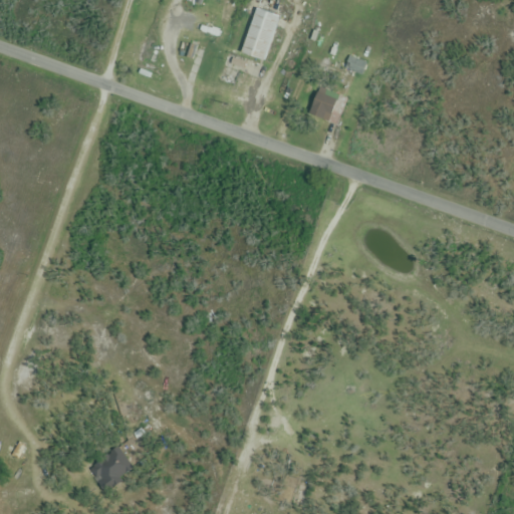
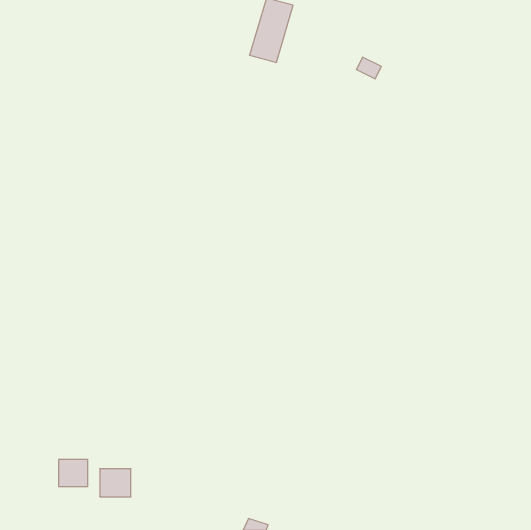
building: [308,87,346,124] -> none
building: none -> [59,459,87,487]

